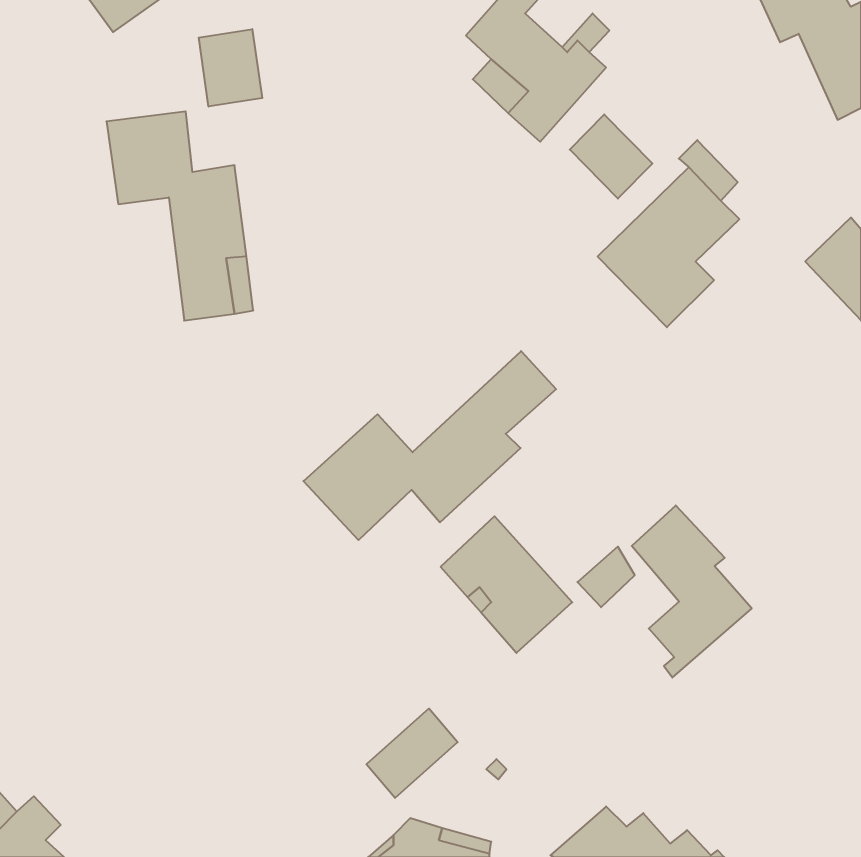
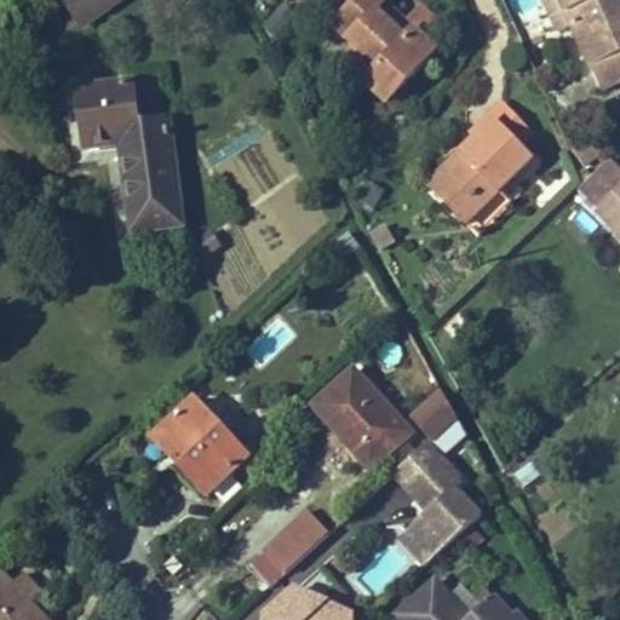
building: [199,29,262,107] -> none
building: [570,114,652,199] -> none
building: [303,351,556,540] -> none
building: [632,505,752,678] -> [395,441,481,564]
building: none -> [153,398,247,494]

